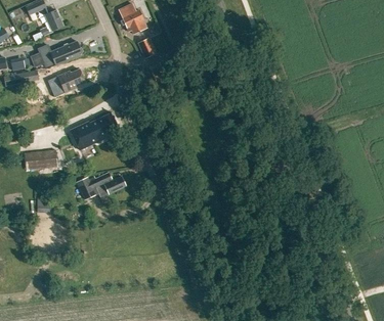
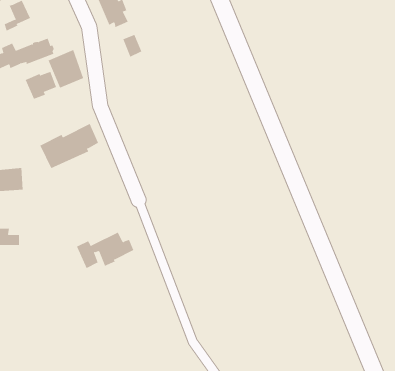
building: none -> [48,49,84,89]
building: [78,170,126,200] -> [76,232,134,269]

